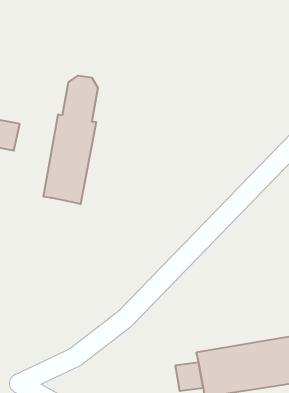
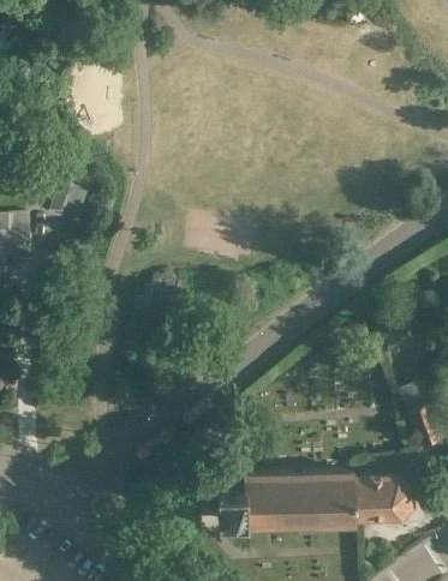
building: [44,76,98,204] -> none

